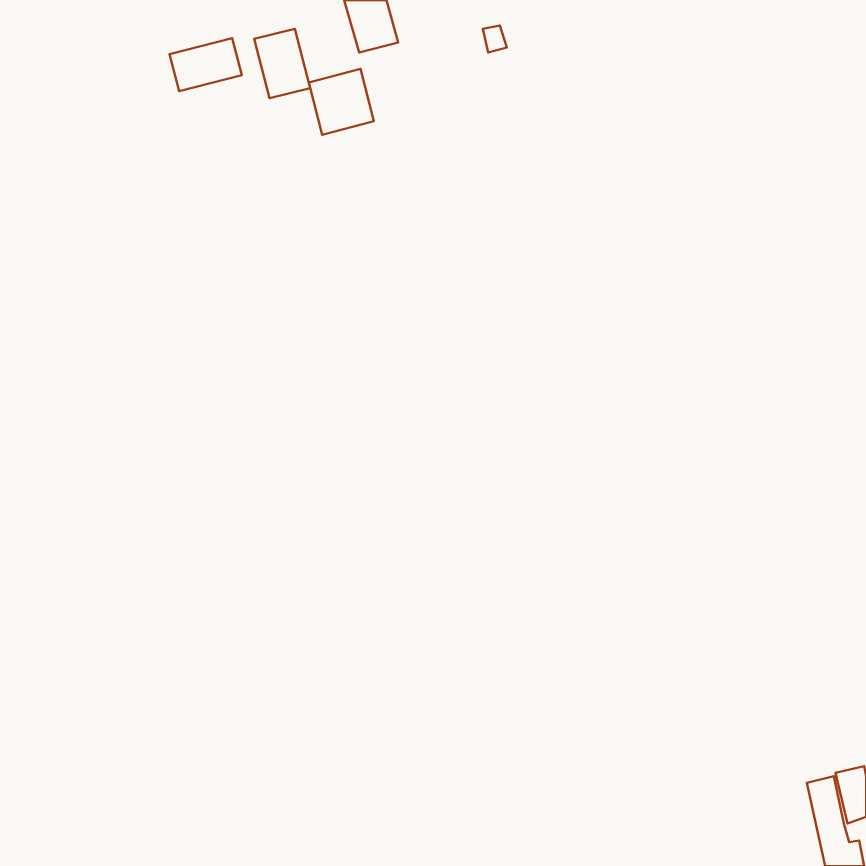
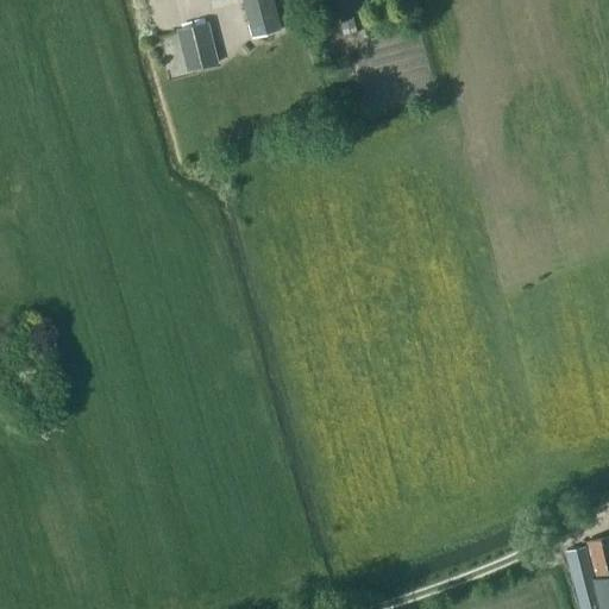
building: [169,38,242,91] -> none
building: [309,69,374,135] -> none

